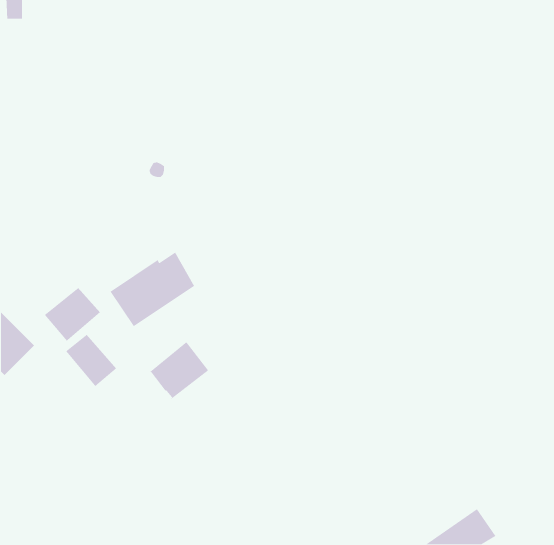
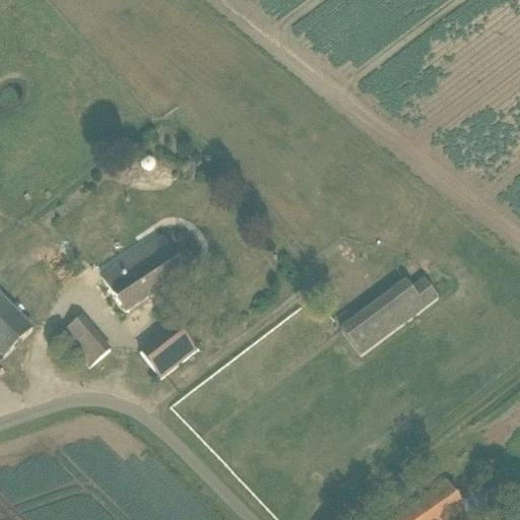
building: [44,287,101,342] -> none
building: none -> [340,274,438,351]

